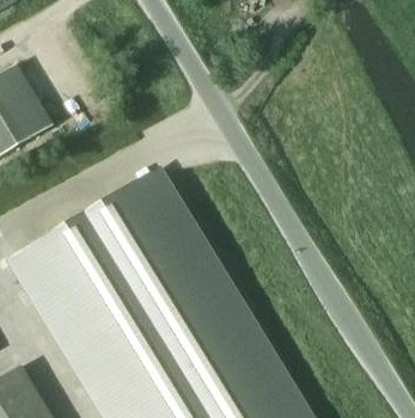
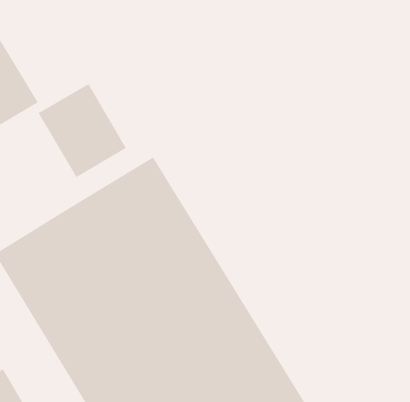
building: none -> [38,83,127,178]

